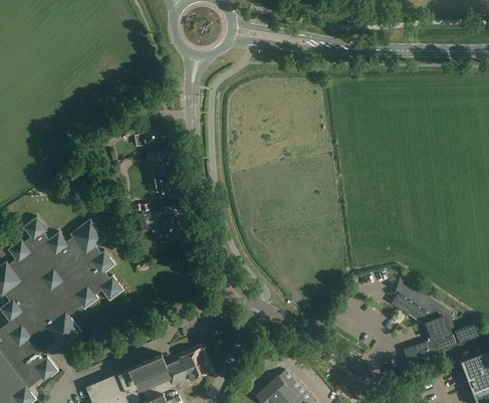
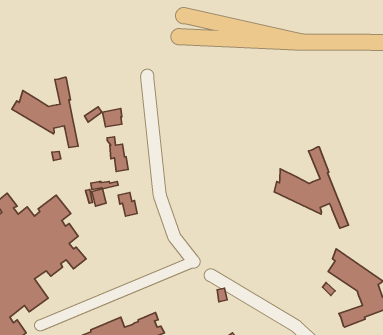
building: none -> [12,77,78,148]
building: none -> [274,147,348,228]

